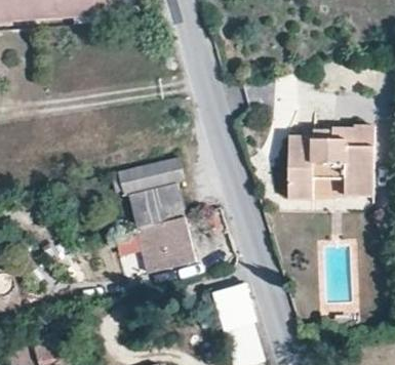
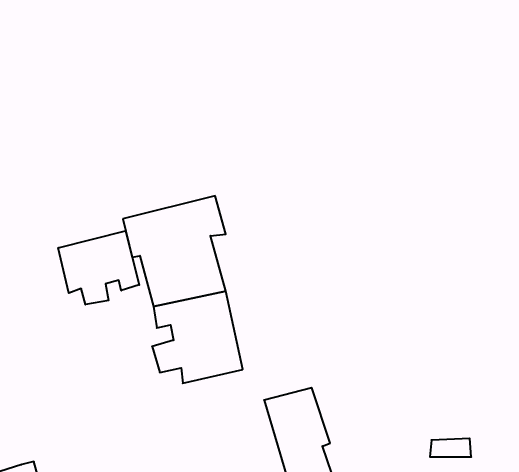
building: [286,125,372,198] -> none
building: none -> [58,231,139,305]

